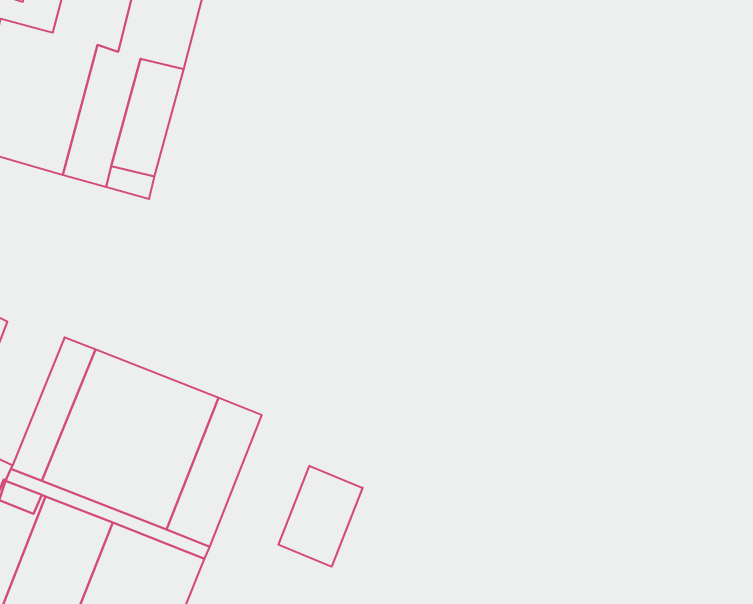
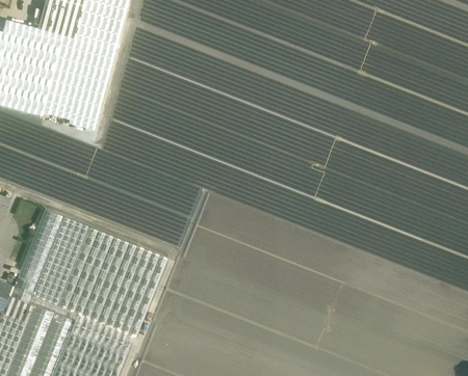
building: [278,466,363,567] -> none

